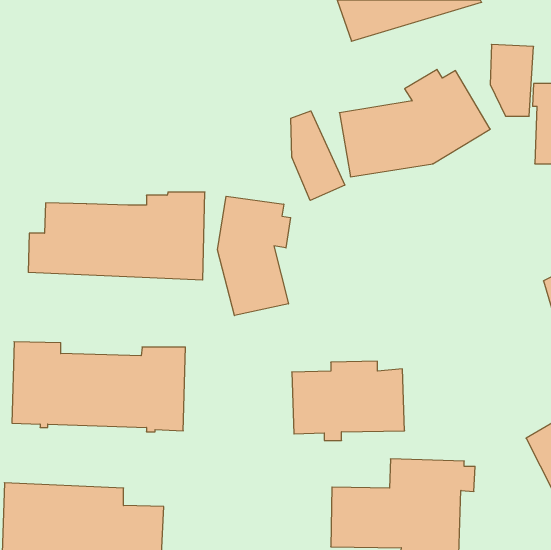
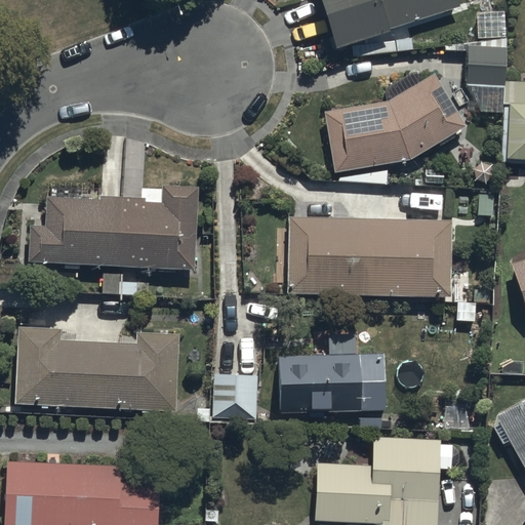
building: [291,111,345,200] -> none
building: [218,196,291,316] -> none
building: none -> [288,218,451,295]
building: none -> [213,376,257,426]

